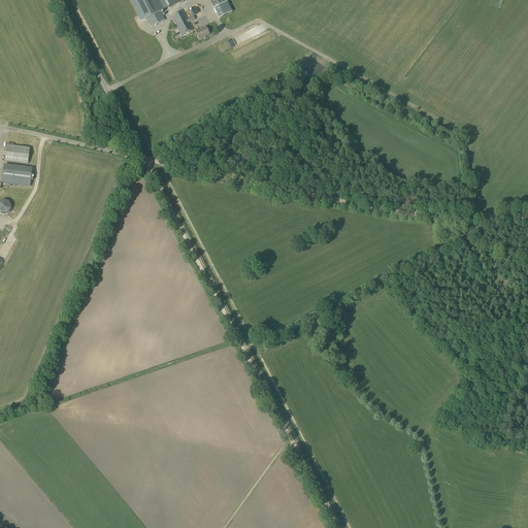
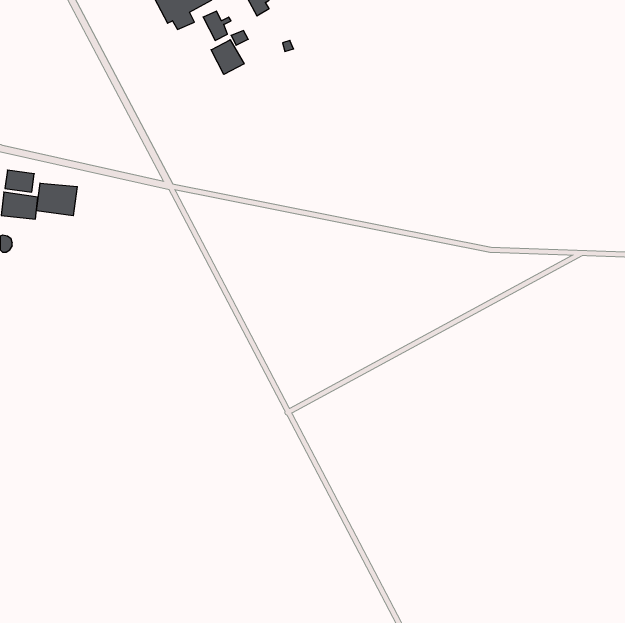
building: none -> [211,40,244,74]
building: none -> [36,183,77,216]

